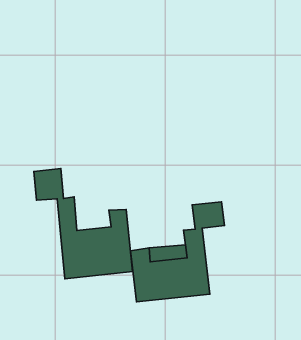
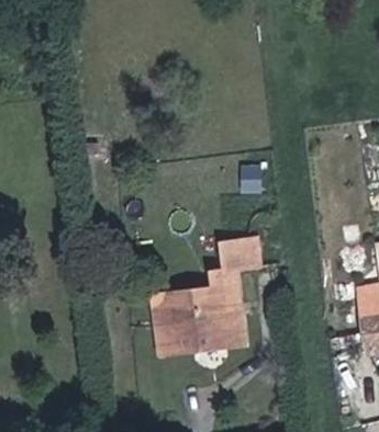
building: [34,168,133,279] -> none

